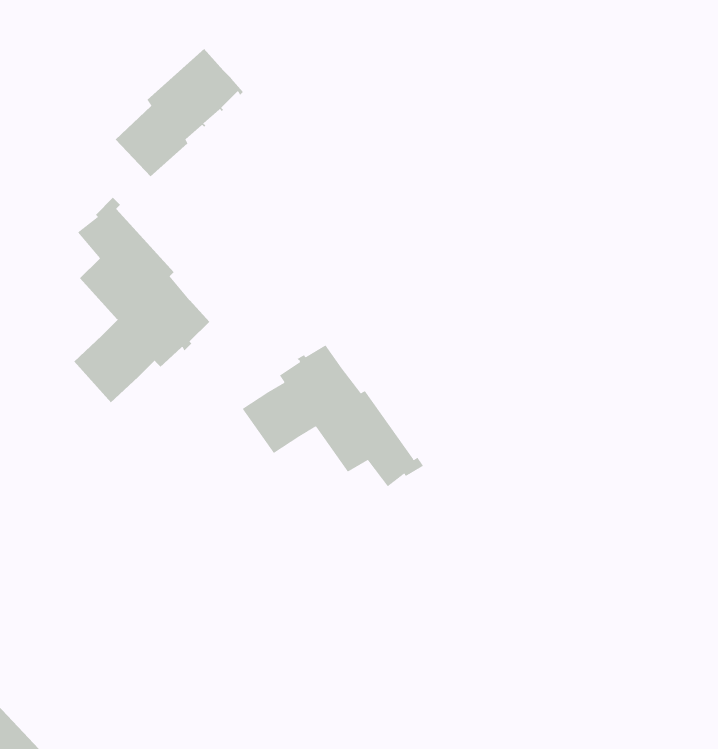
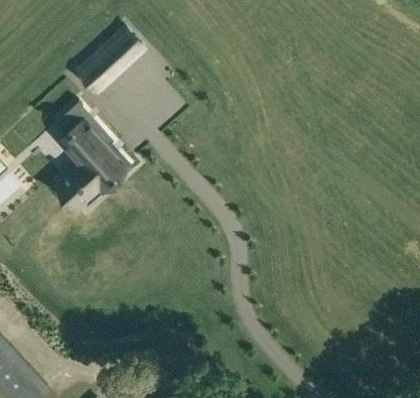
building: [242,345,424,487] -> none

